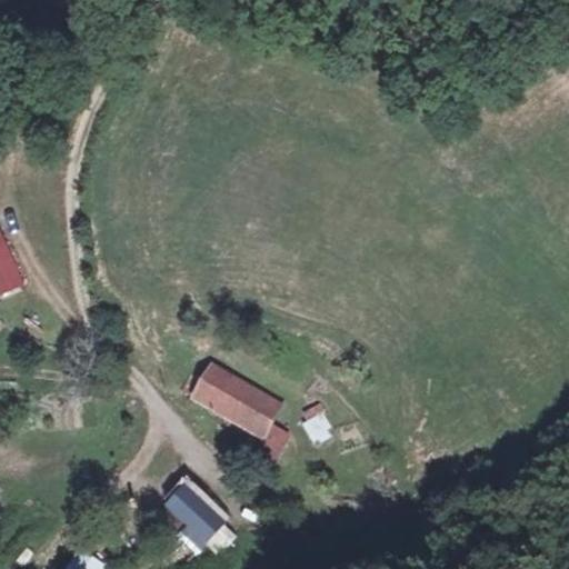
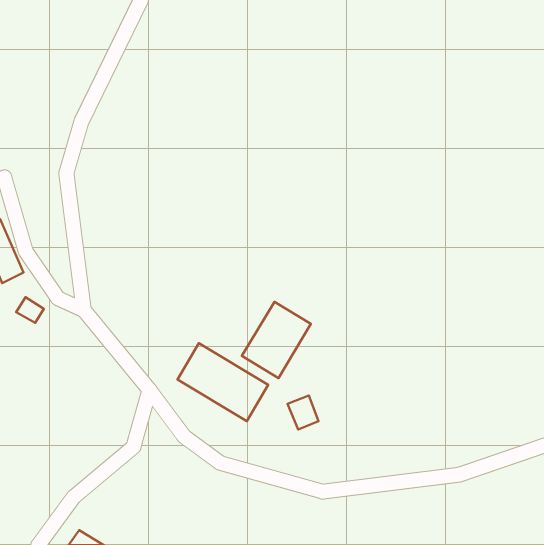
building: none -> [242,302,311,378]
building: [163,486,227,547] -> none

